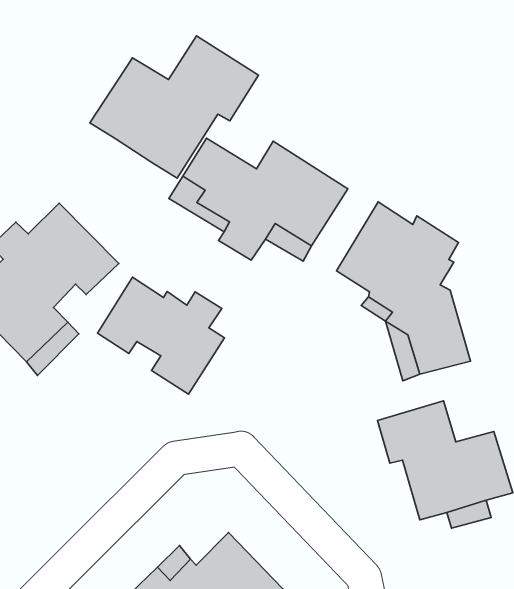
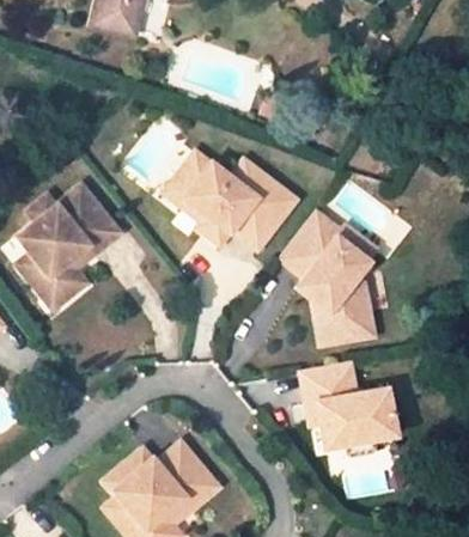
building: [90,36,259,178] -> none
building: [98,277,225,394] -> none

